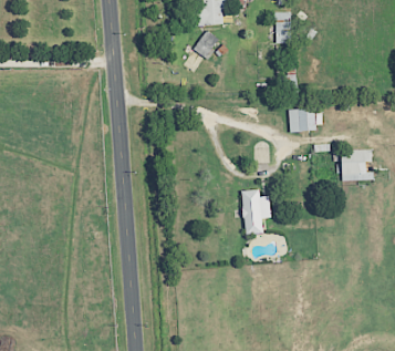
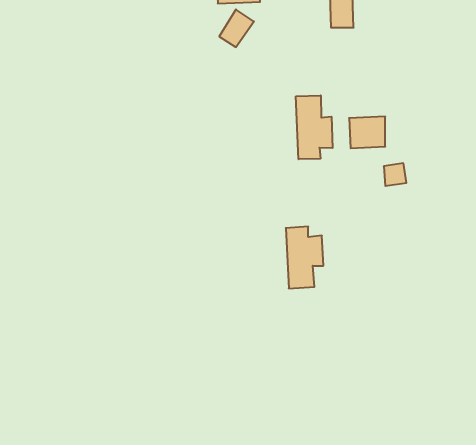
building: none -> [296,95,333,159]
building: [340,149,373,180] -> none

